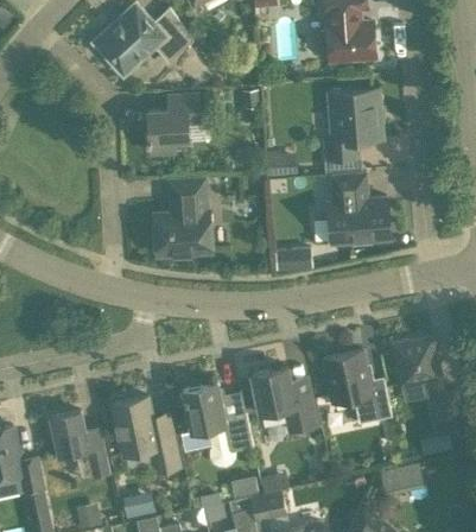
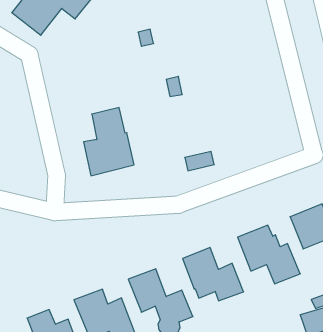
building: [324,89,382,160] -> none
building: [147,94,199,154] -> none
building: [328,173,391,243] -> none

